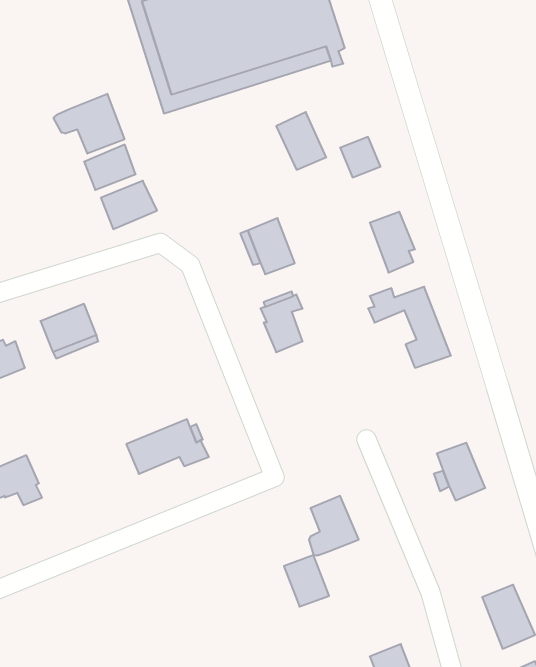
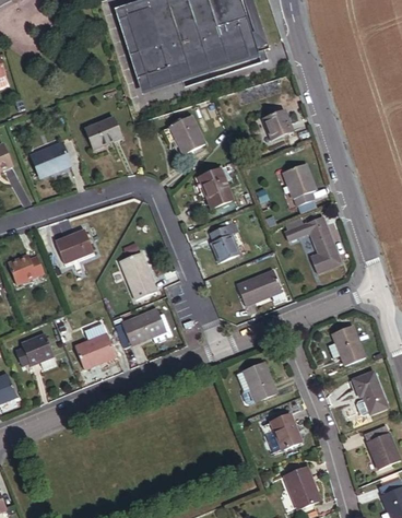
building: [54,94,124,154] -> none
building: [276,112,326,170] -> [170,116,205,156]
building: [101,181,157,229] -> [32,143,71,177]
building: none -> [121,251,157,298]
building: none -> [237,269,282,306]
building: none -> [76,323,117,369]
building: none -> [353,370,388,414]
building: [284,555,329,607] -> [271,413,303,449]

